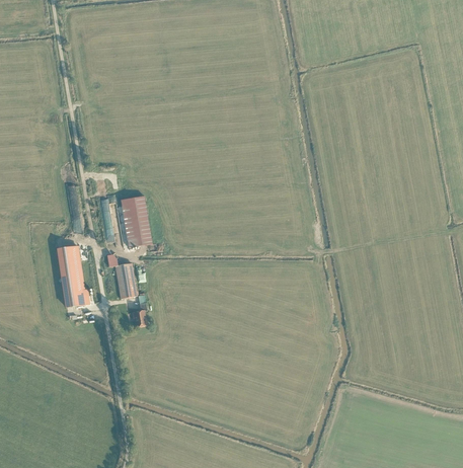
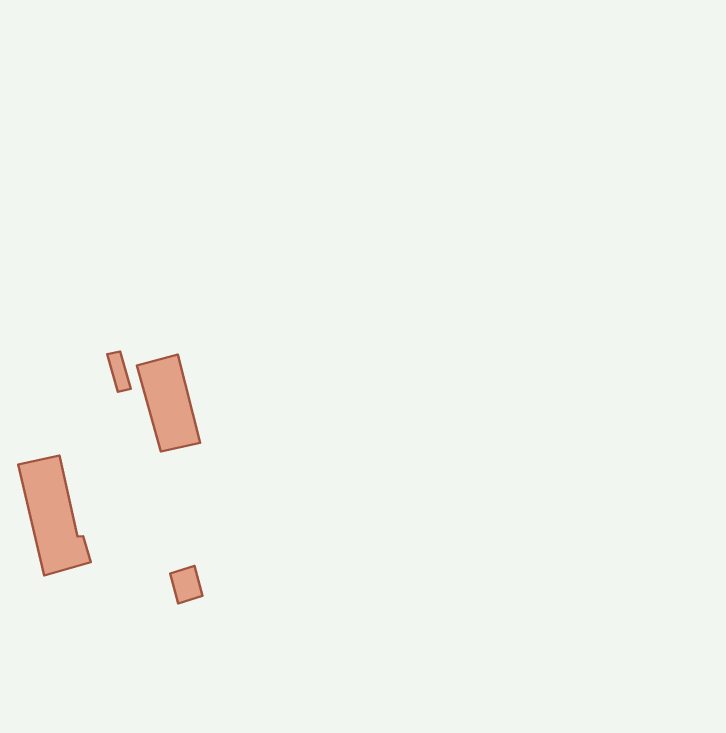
building: [107,253,136,298] -> none

